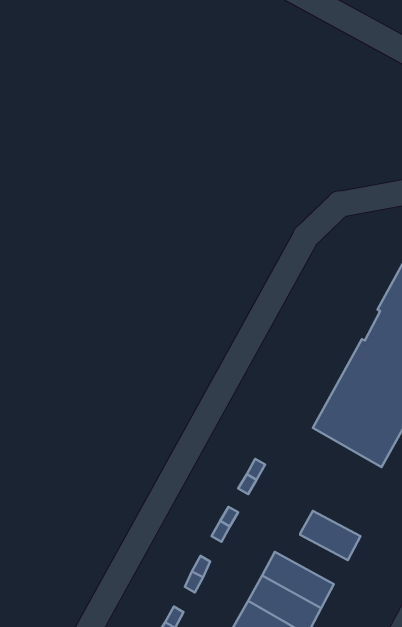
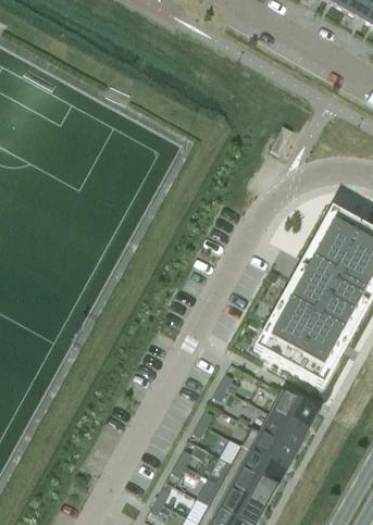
building: none -> [269,390,318,432]
building: none -> [239,424,296,468]

